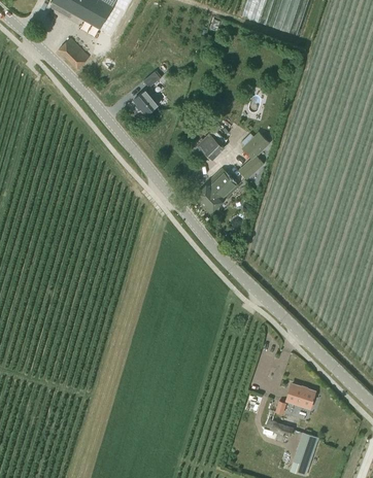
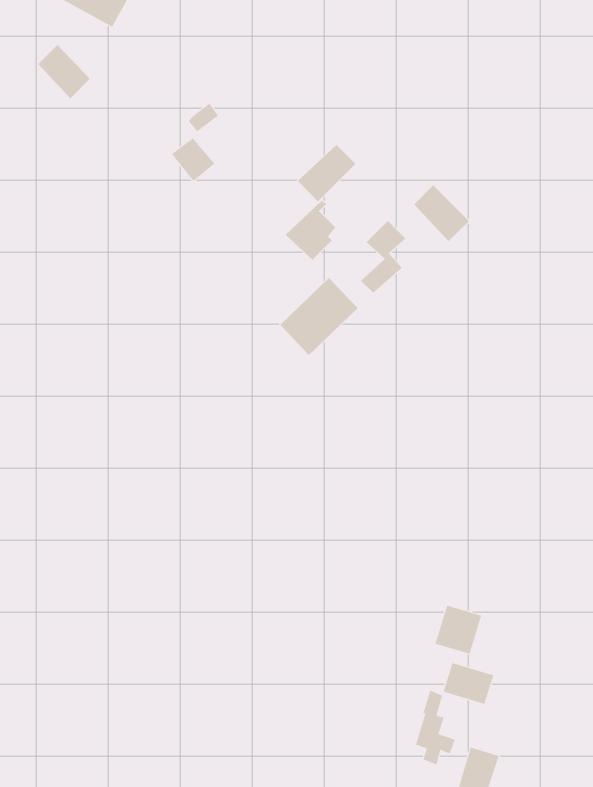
building: none -> [297,144,356,202]
building: none -> [413,185,470,242]
building: none -> [435,605,482,655]

